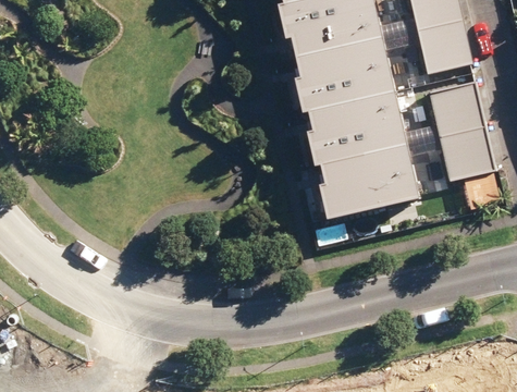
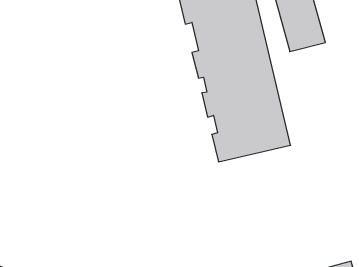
building: [427,83,492,183] -> none

